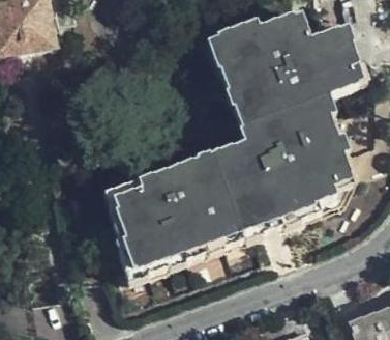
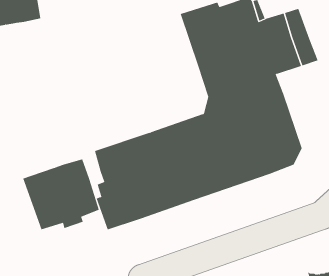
building: none -> [23,158,100,230]

